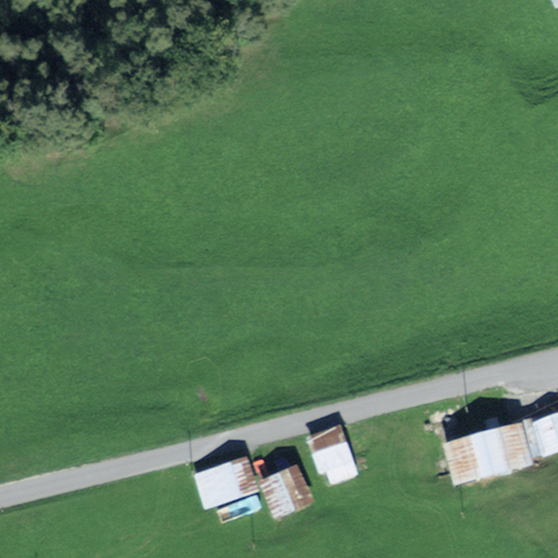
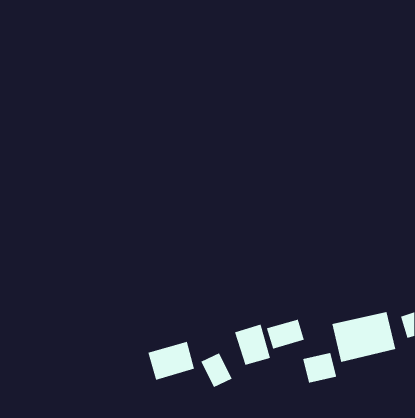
building: none -> [266,319,305,349]
building: none -> [302,352,337,384]

